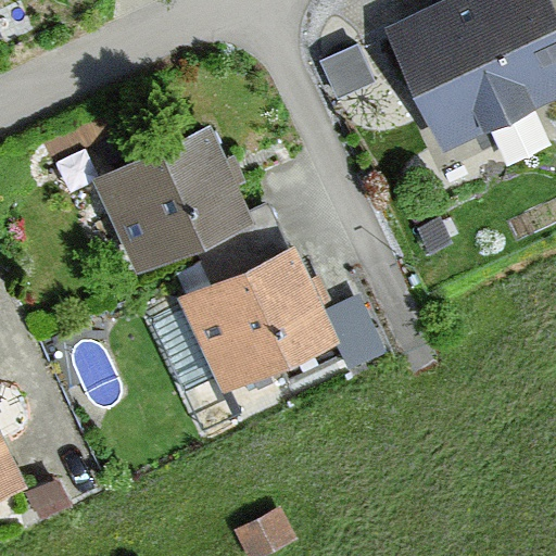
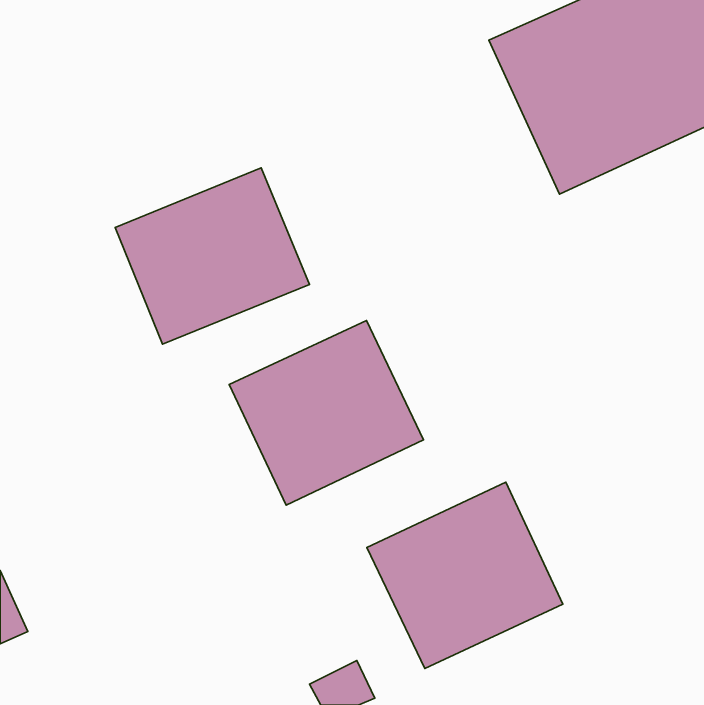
building: none -> [367,482,563,669]

